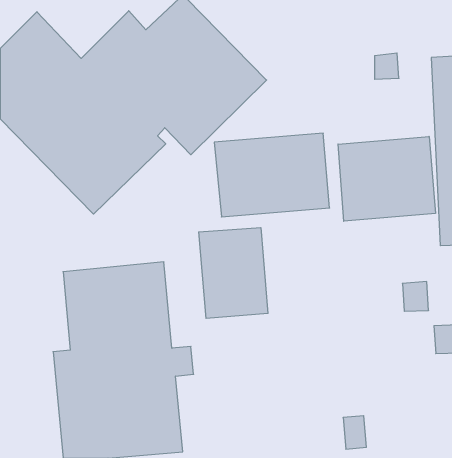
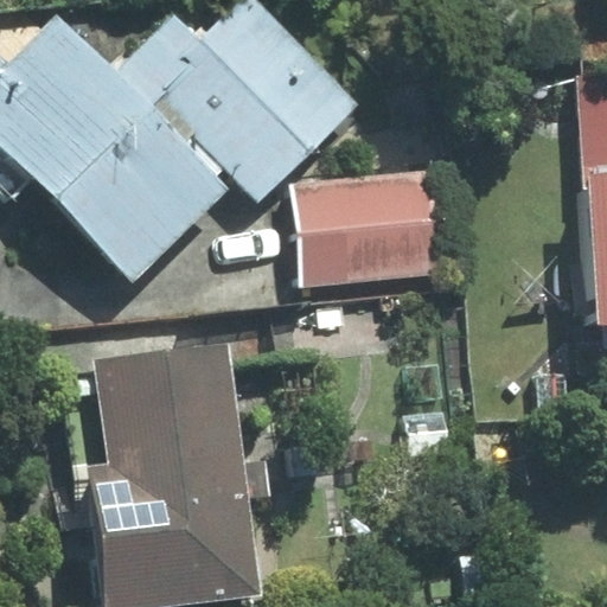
building: [338,136,435,221] -> none
building: [199,228,268,318] -> none

